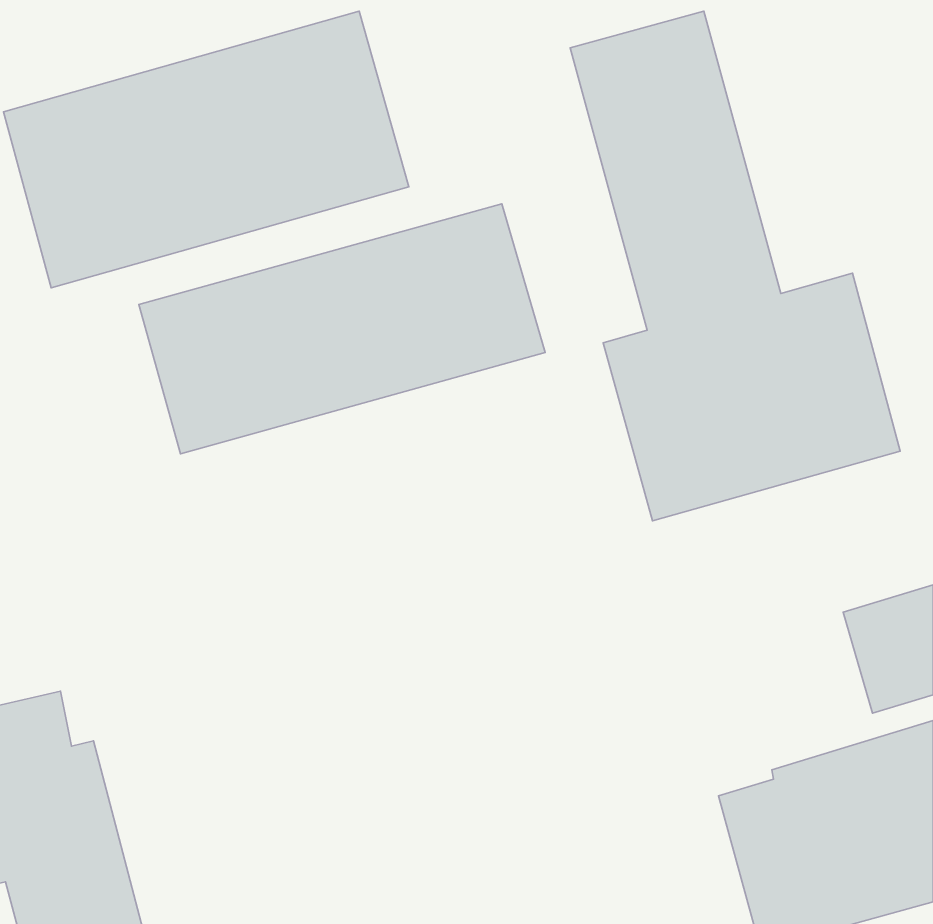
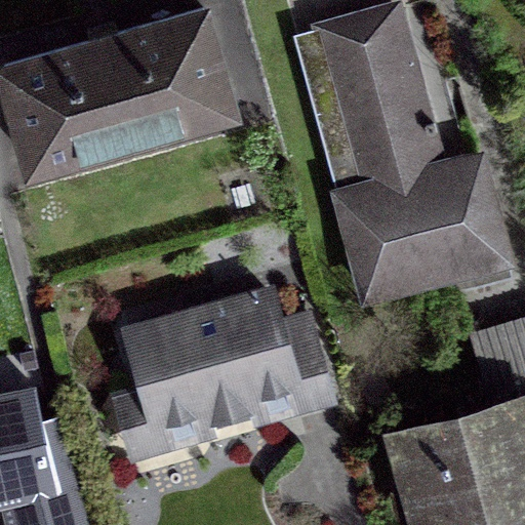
building: [139,204,545,454] -> none
building: none -> [129,298,317,427]

